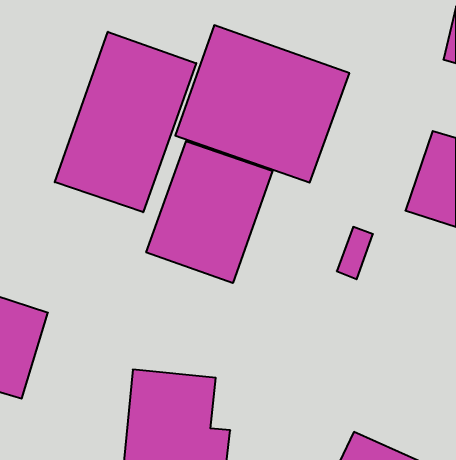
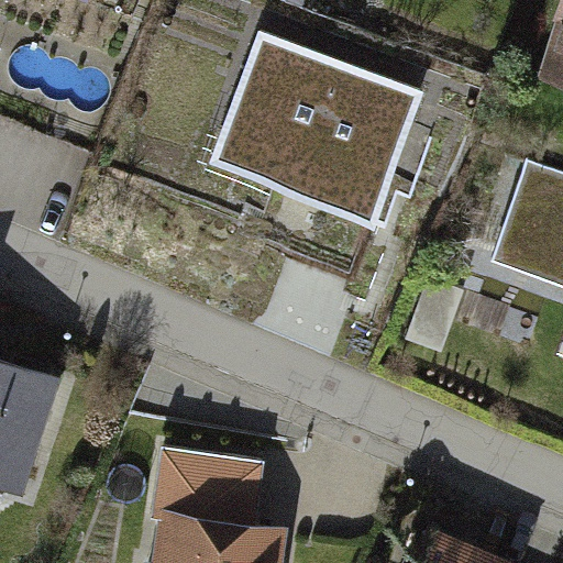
building: [55,32,196,212] -> none
building: [146,141,272,283] -> none

